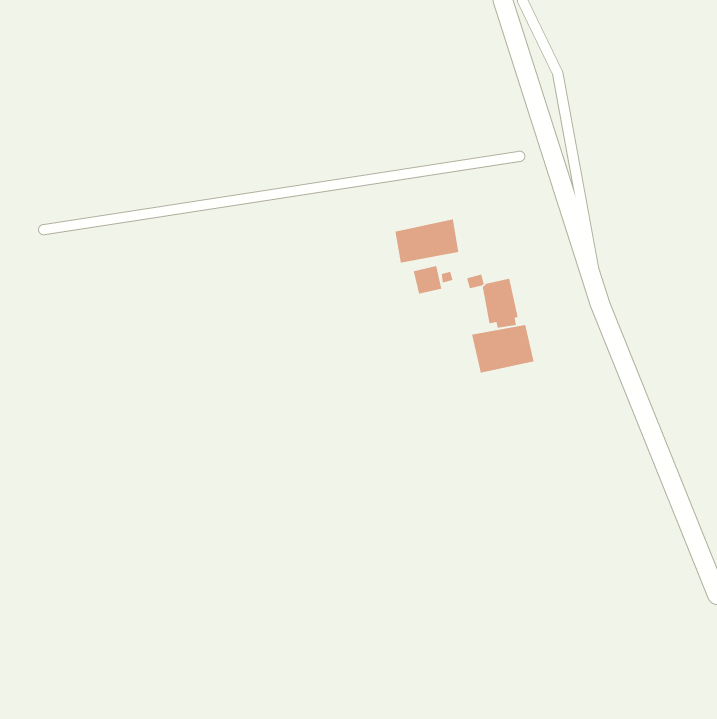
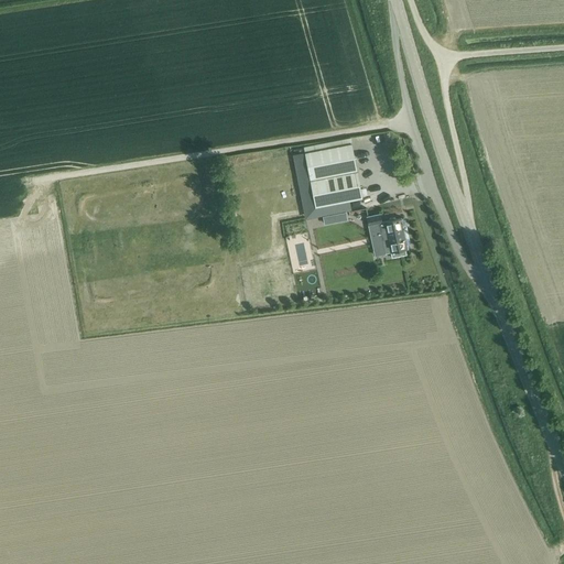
building: none -> [303,144,355,182]
building: [471,324,534,374] -> none

